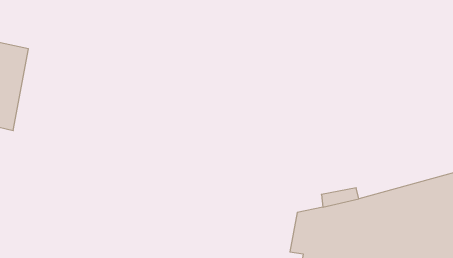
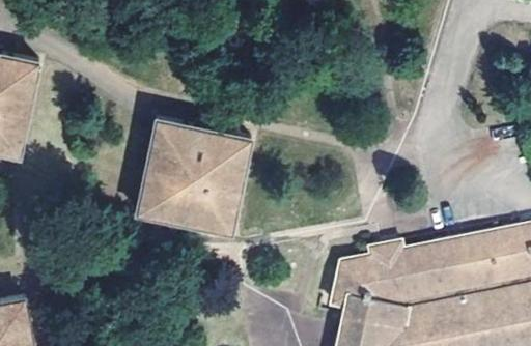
building: none -> [138,121,248,229]

